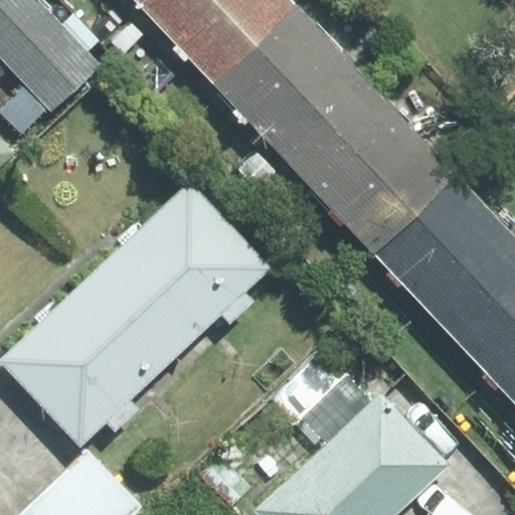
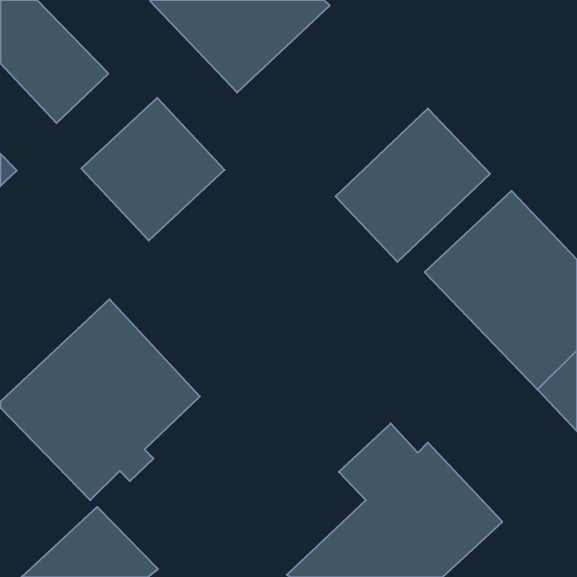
building: [211,5,381,175] -> none
building: none -> [81,98,225,241]
building: [98,180,273,353] -> none

